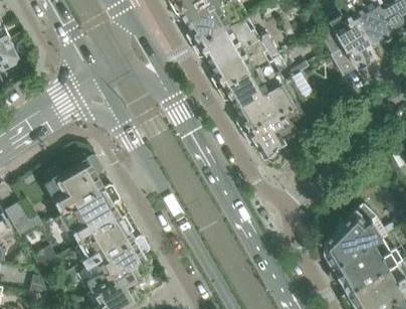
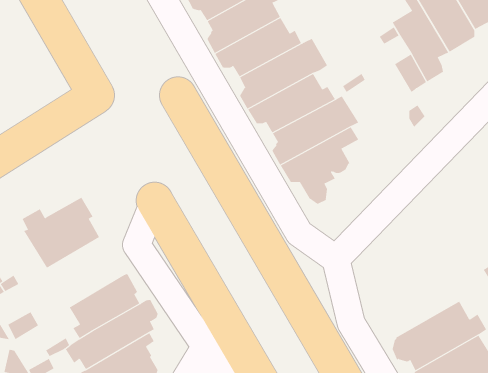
building: [54,186,122,244] -> none
building: [320,203,396,267] -> none

